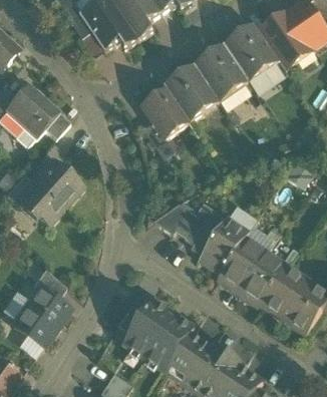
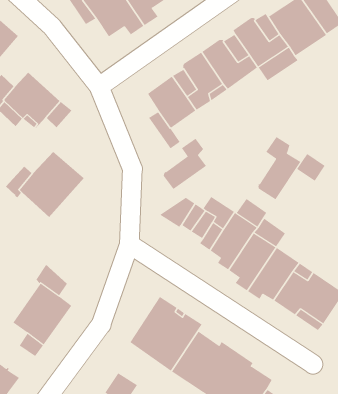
building: none -> [258,136,301,200]
building: none -> [163,138,207,190]

